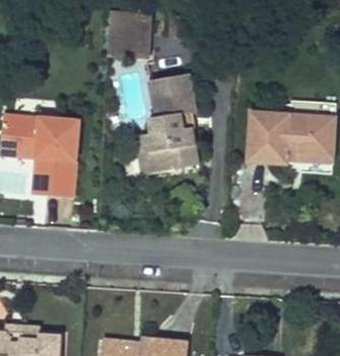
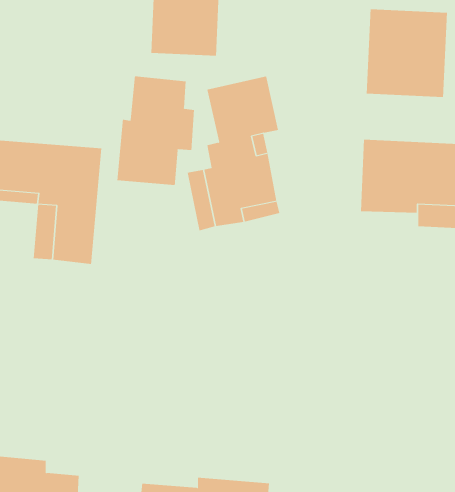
building: none -> [366,8,447,98]
building: none -> [117,75,194,186]

